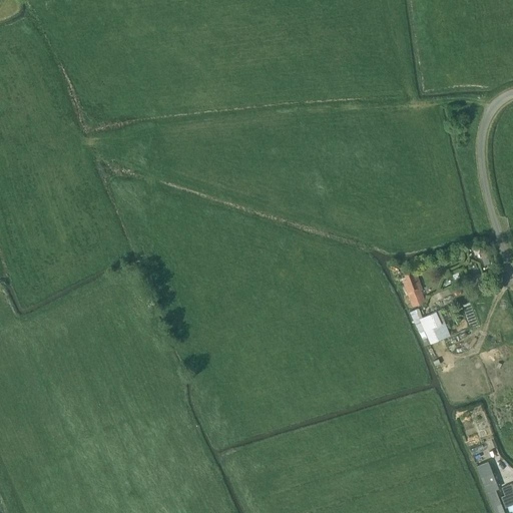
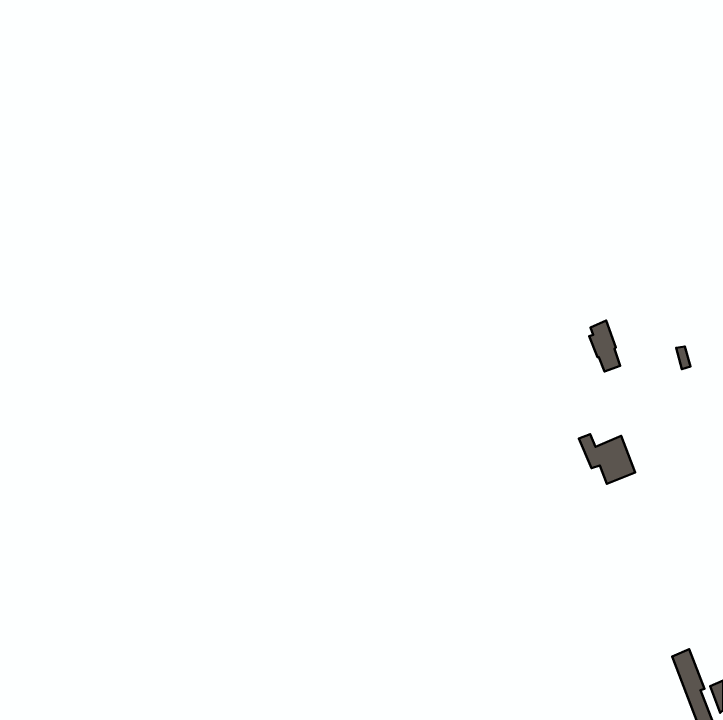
building: [402,271,424,307] -> [589,321,620,371]

